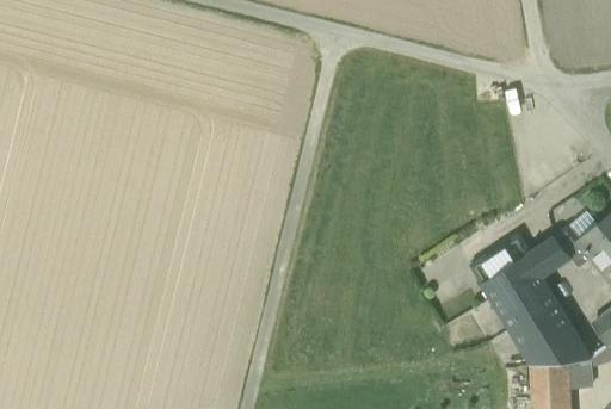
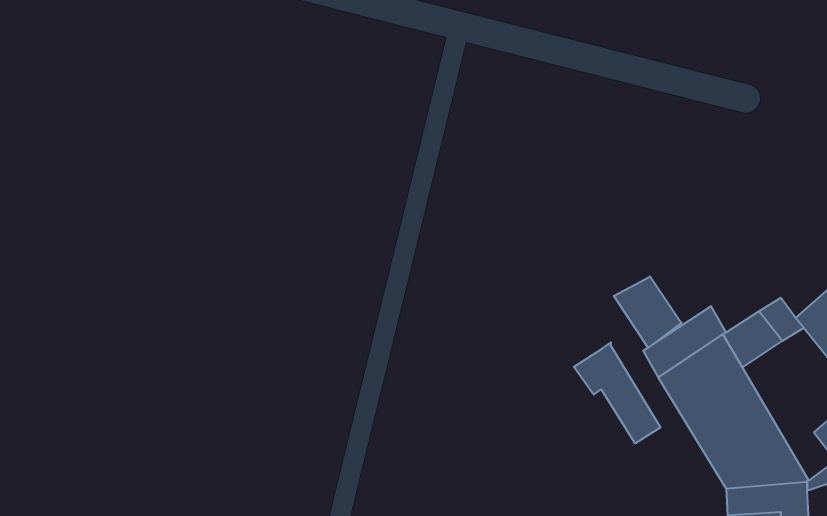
building: none -> [614,276,682,348]
building: none -> [574,342,660,443]

